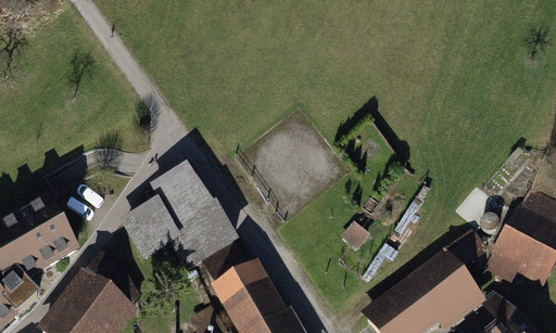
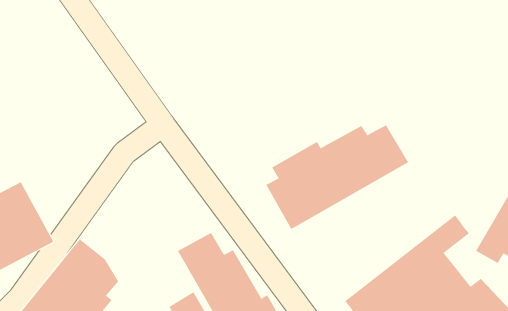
building: none -> [266,124,409,230]
building: [118,167,235,270] -> none

